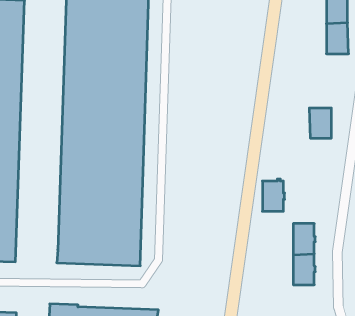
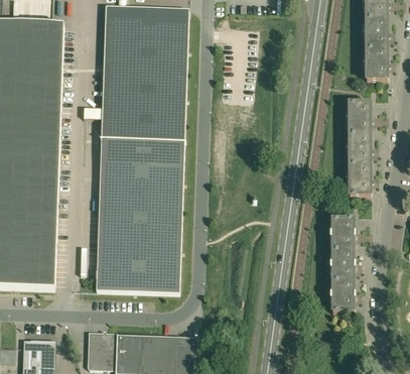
building: none -> [349,102,371,133]
building: none -> [350,163,371,195]
building: [262,179,285,211] -> [332,217,355,249]

